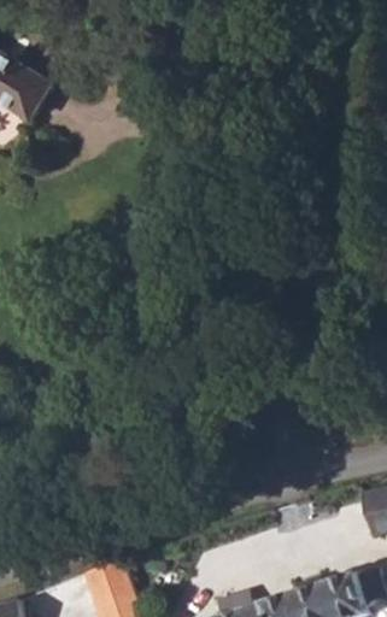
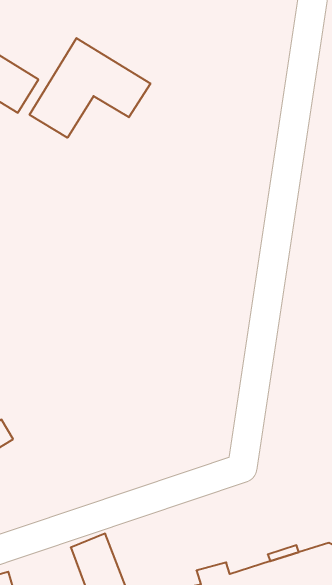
building: none -> [30,38,150,138]

